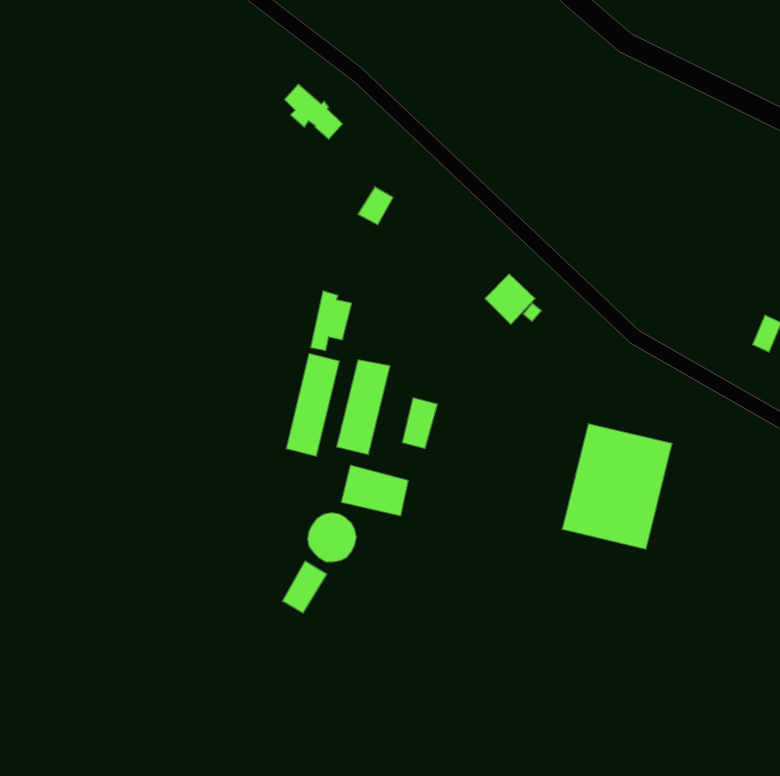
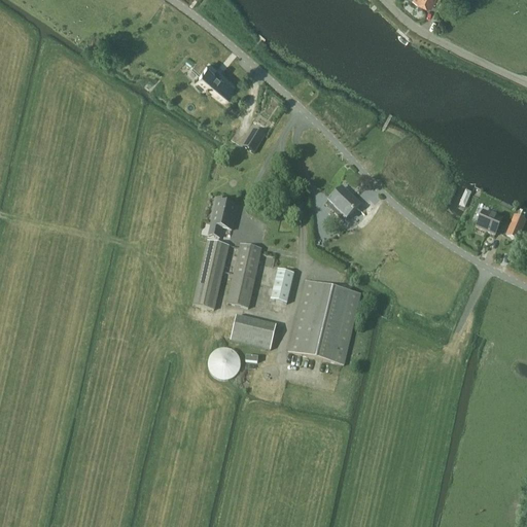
building: none -> [477,208,503,233]
building: [562,424,672,549] -> [288,278,362,362]
building: [282,561,327,613] -> none

